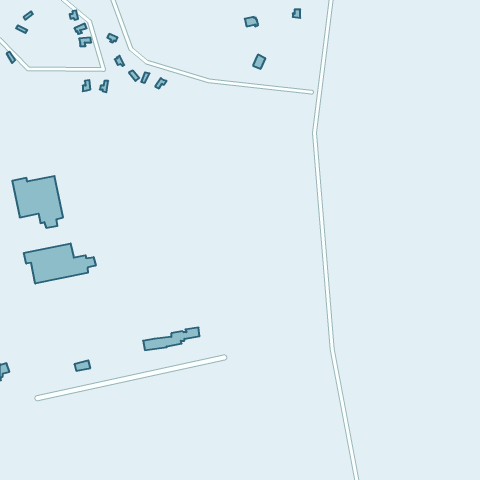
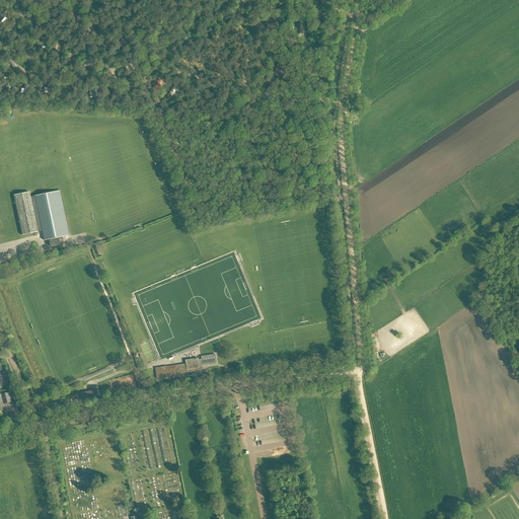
building: [24,243,96,284] -> none

